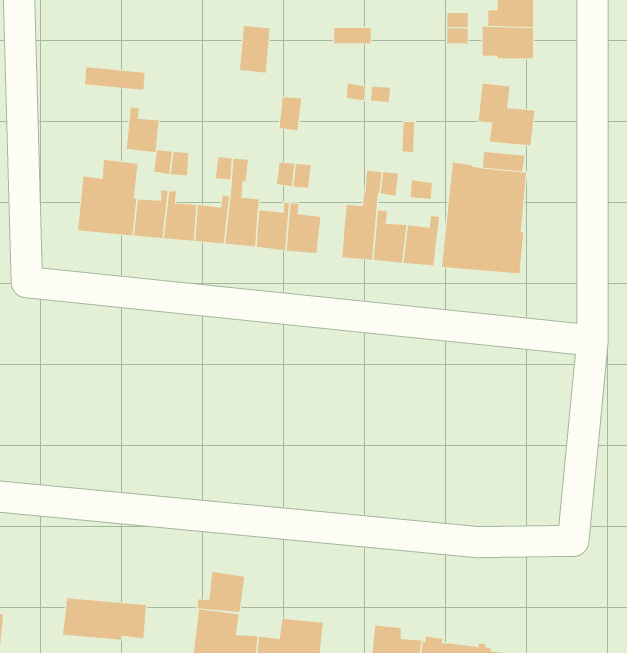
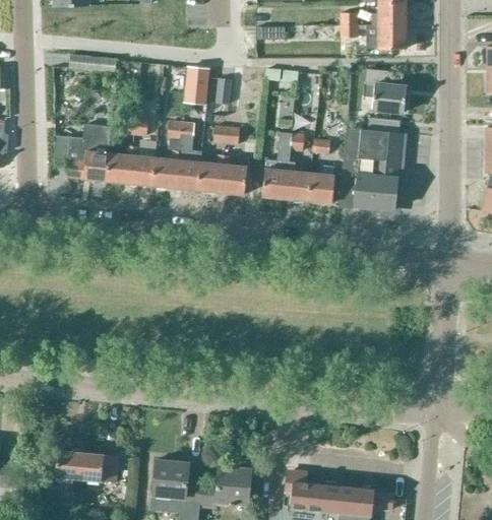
building: [239,25,271,73] -> [187,66,210,102]
building: [126,107,159,153] -> none
building: [197,571,245,613] -> none

